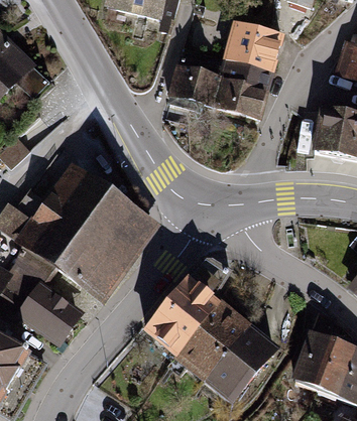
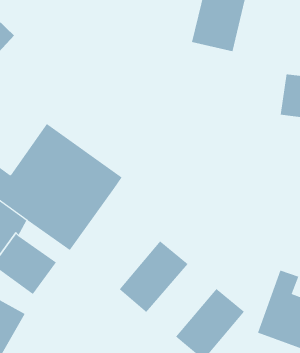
building: [167,62,266,122] -> none
building: [174,309,248,386] -> none

